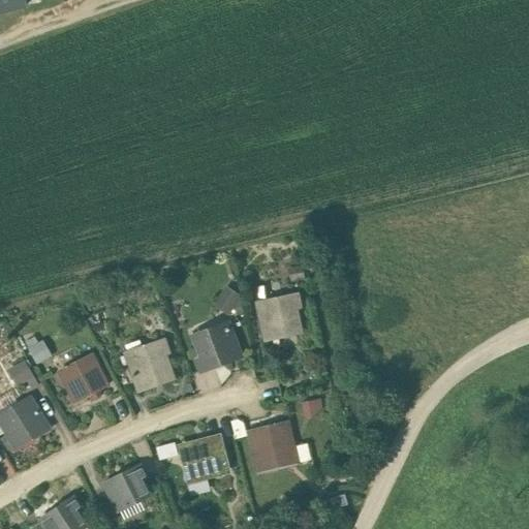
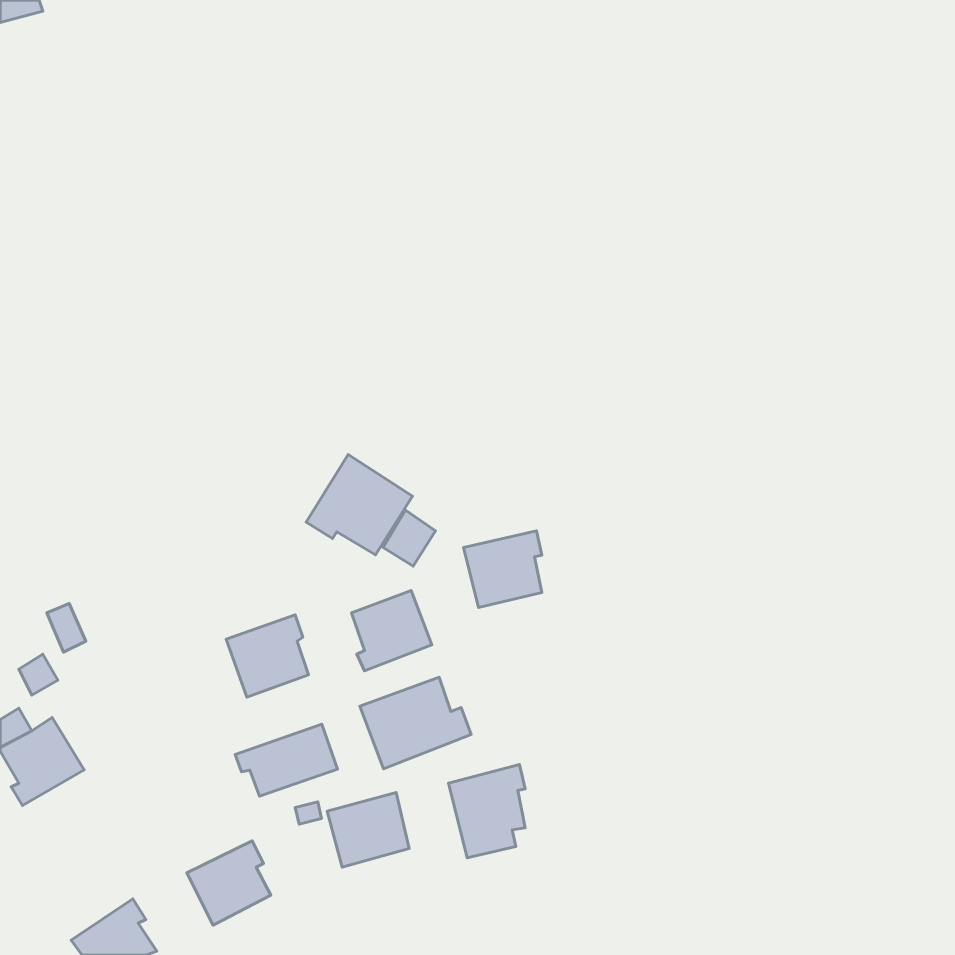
building: none -> [306,455,413,555]
building: [58,354,107,402] -> none
building: none -> [360,677,471,769]
building: none -> [235,724,338,796]

